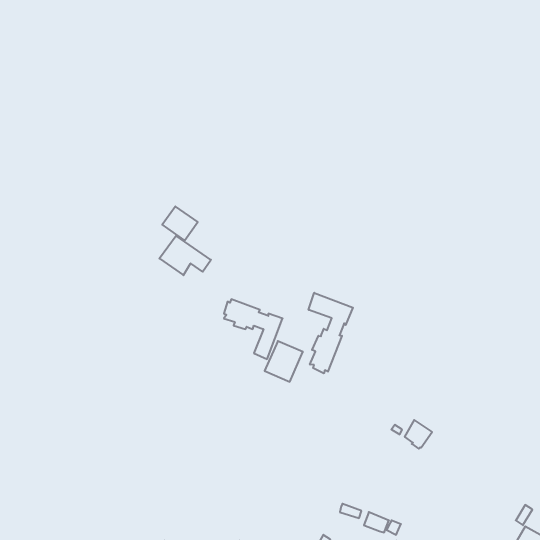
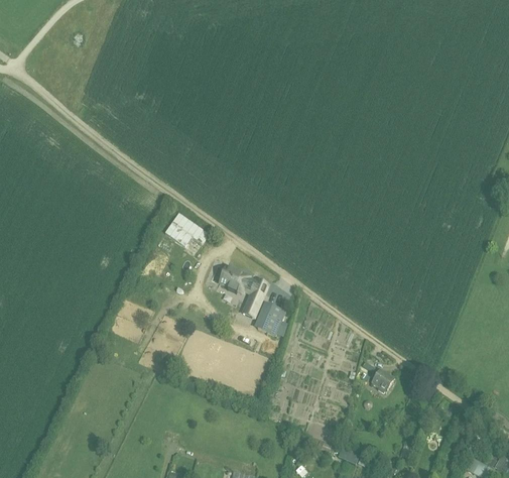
building: [162,206,198,240] -> none
building: [309,293,353,373] -> none

